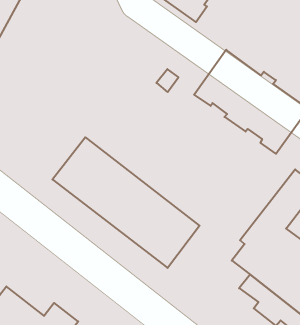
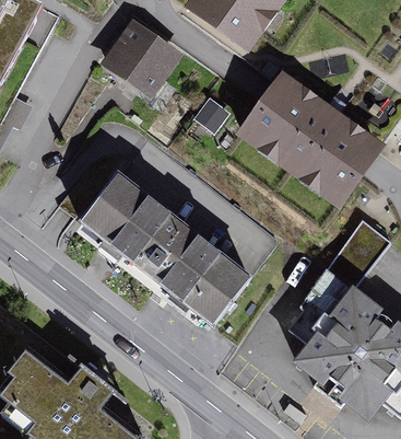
building: none -> [108,22,175,86]

